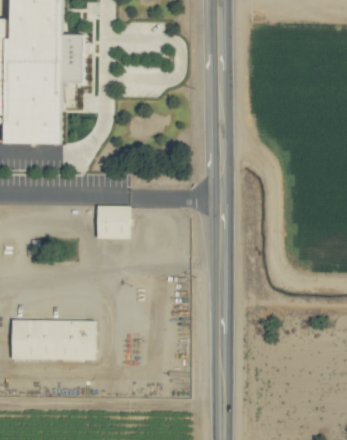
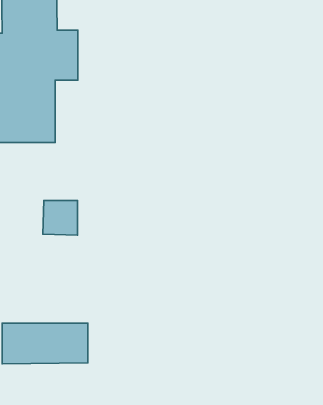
building: [94,205,128,239] -> [43,201,78,235]

